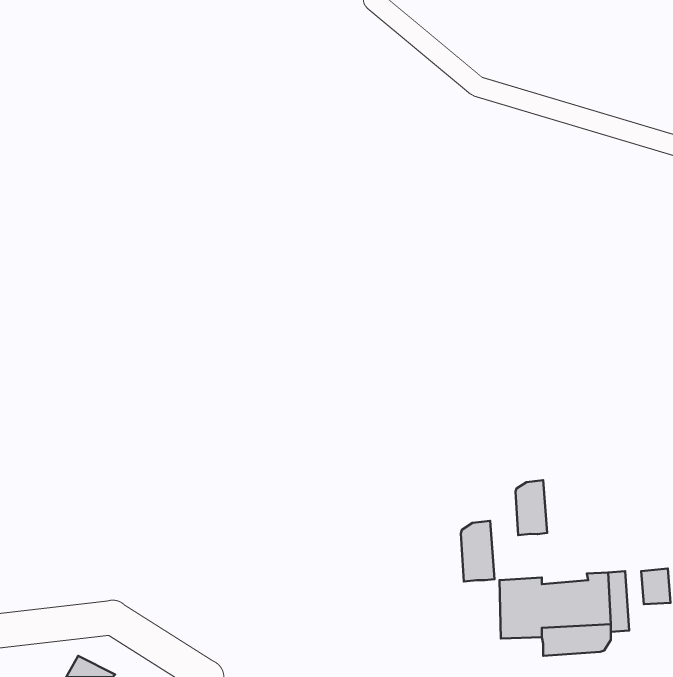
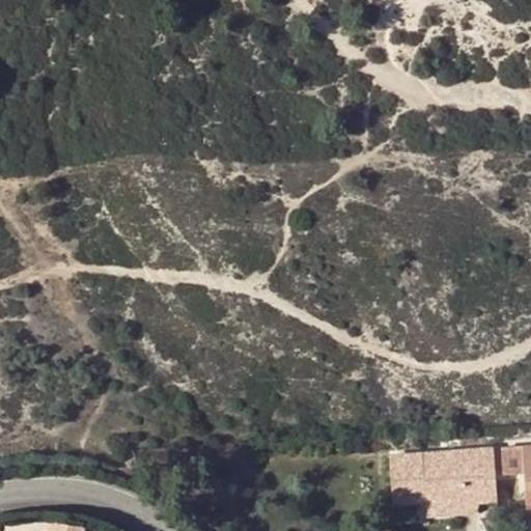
building: [515,480,547,535] -> none
building: [461,521,495,582] -> none

